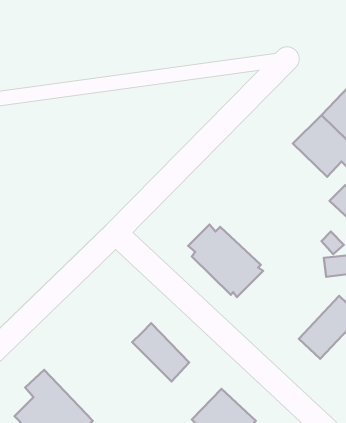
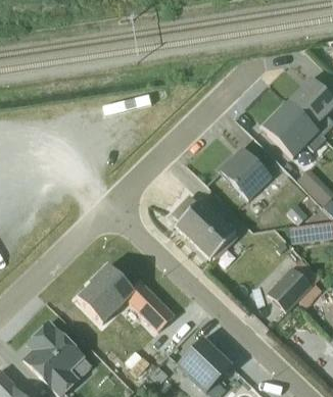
building: none -> [218,146,273,200]
building: none -> [77,264,133,321]

